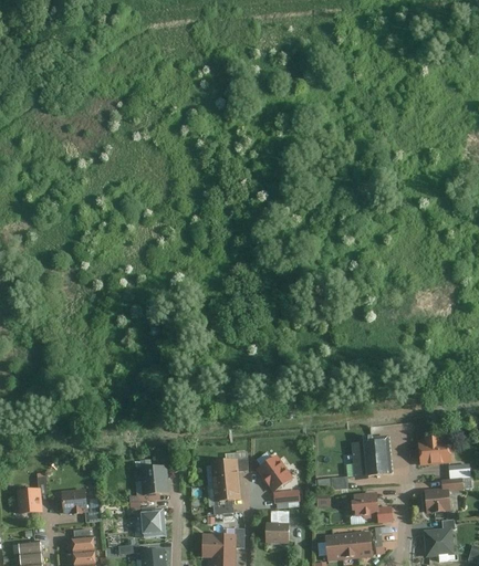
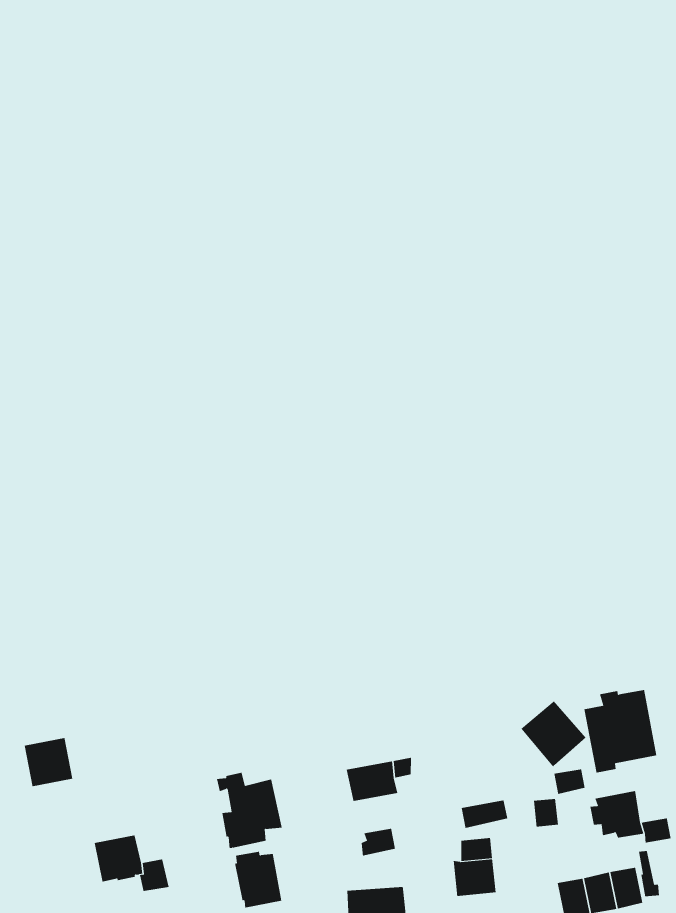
building: [256,454,293,493] -> [520,700,587,768]
building: [211,480,240,501] -> none
building: [15,488,42,514] -> [24,737,73,787]

